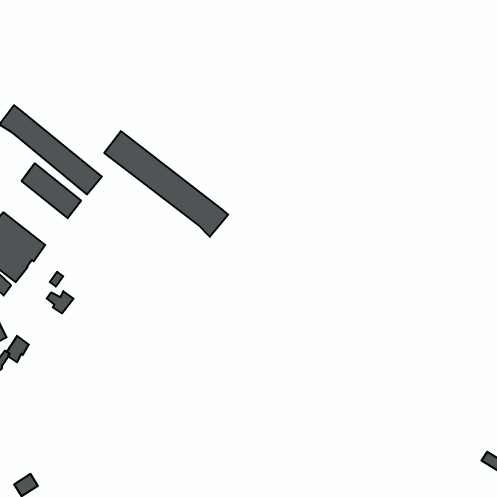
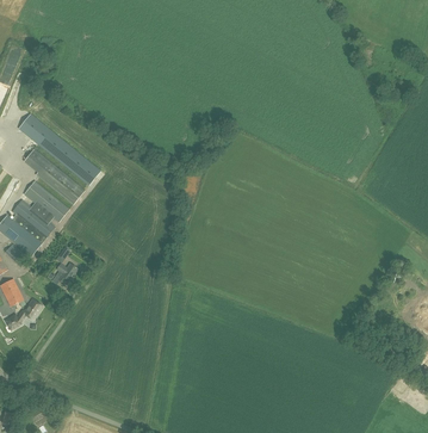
building: [104,131,228,237] -> none
building: none -> [23,179,68,221]

